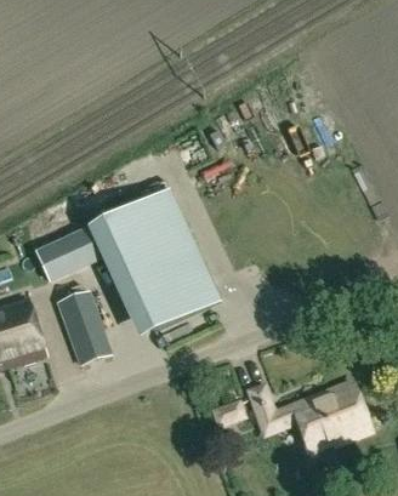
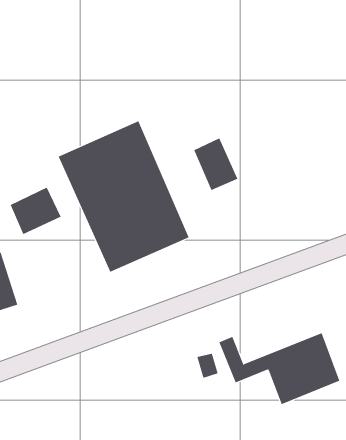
building: none -> [193,137,238,191]
building: [57,293,110,367] -> none

